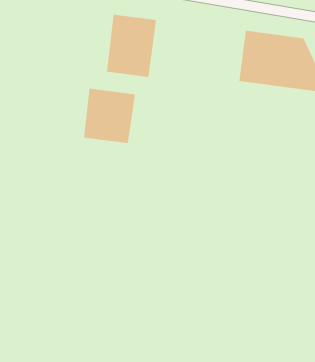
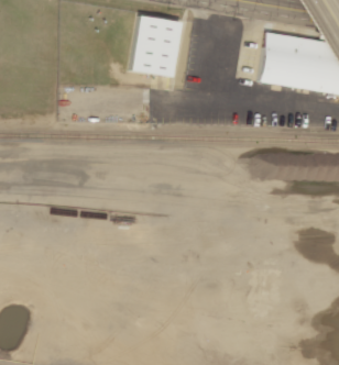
building: [83,88,135,144] -> none

